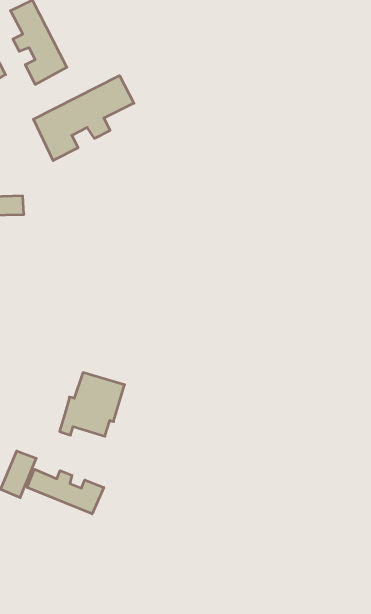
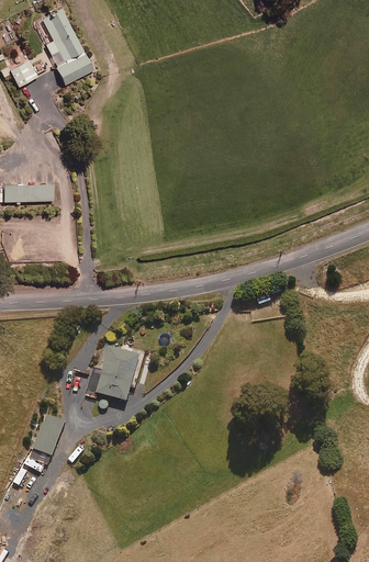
building: [33,76,134,161] -> none
building: [27,469,104,514] -> none

